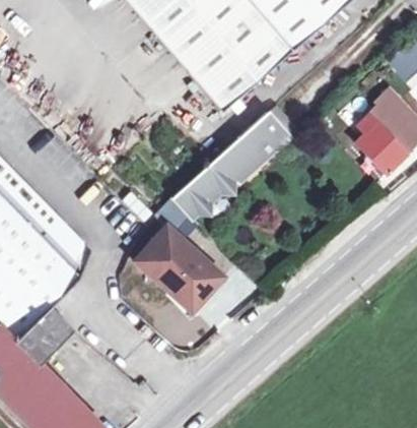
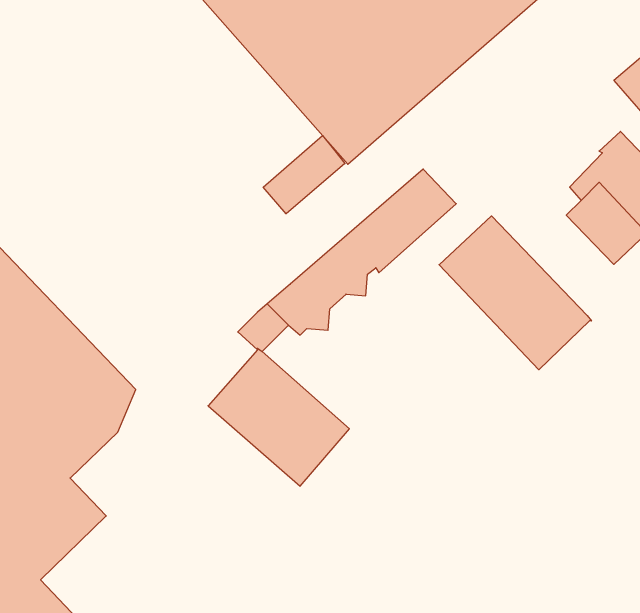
building: none -> [263,136,345,214]
building: none -> [439,216,591,370]

